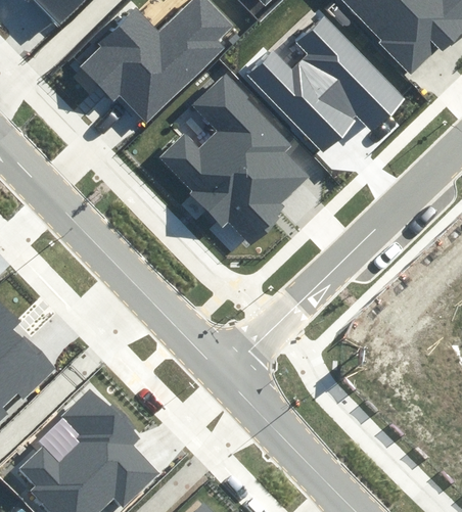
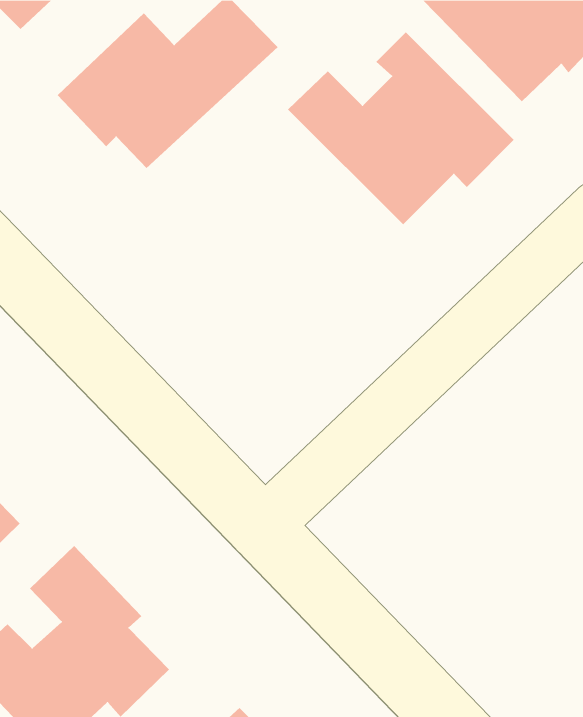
building: [158,69,310,241] -> none

